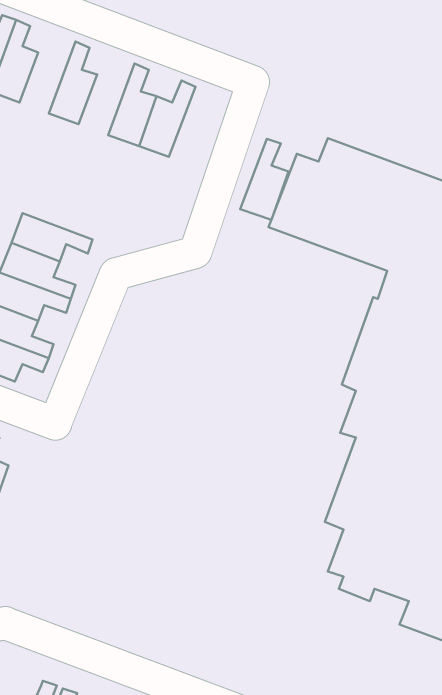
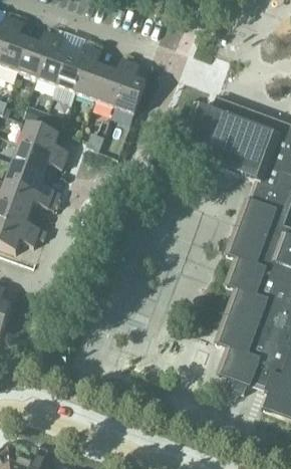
building: none -> [18,29,54,78]
building: none -> [56,43,92,92]
building: [240,139,289,220] -> [114,61,145,113]
building: none -> [20,123,68,160]

